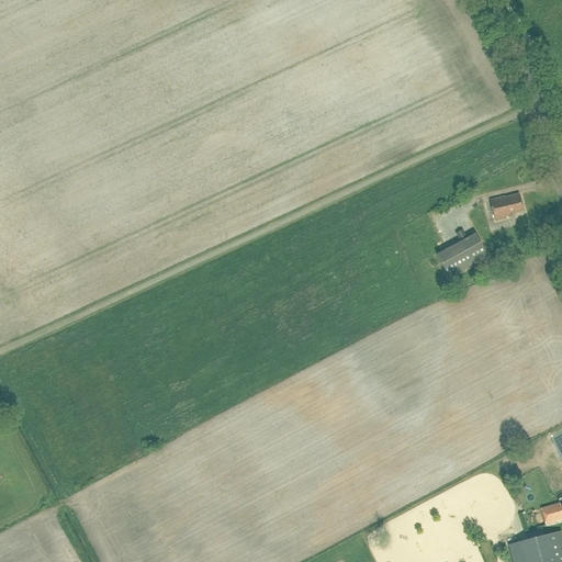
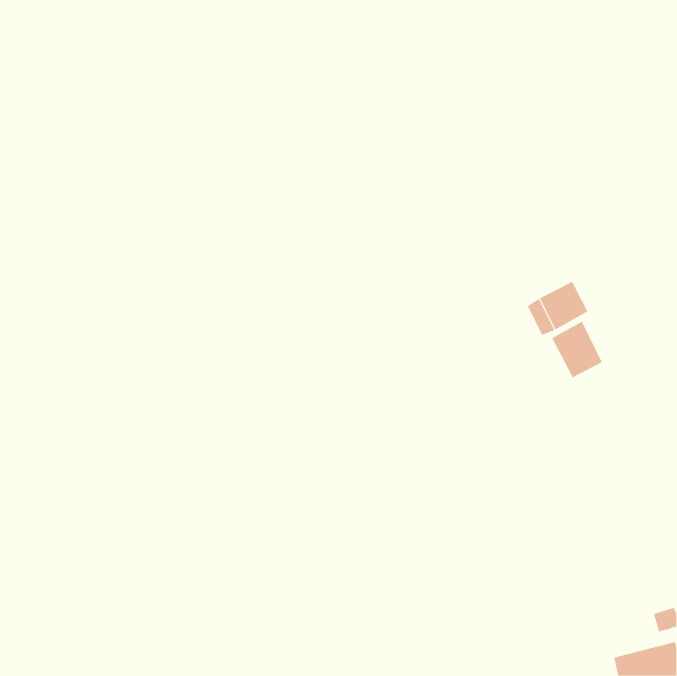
building: [491,194,524,220] -> none
building: none -> [551,321,602,378]

